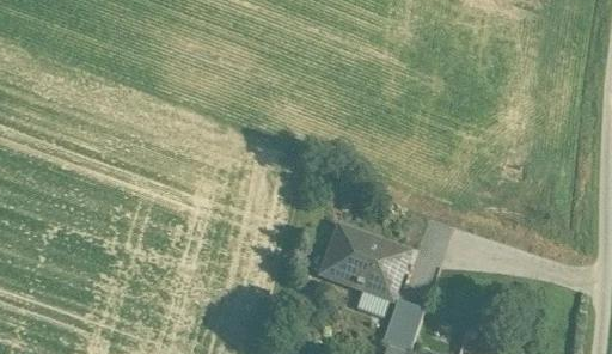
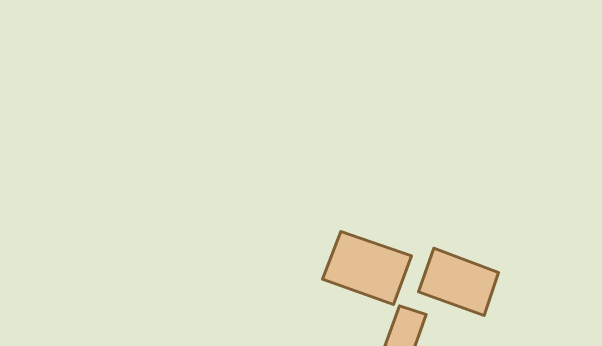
building: none -> [418,248,499,315]

